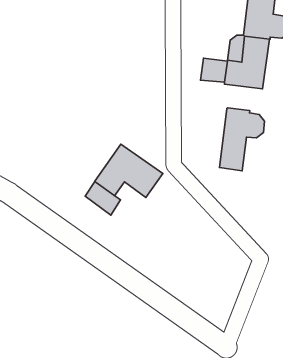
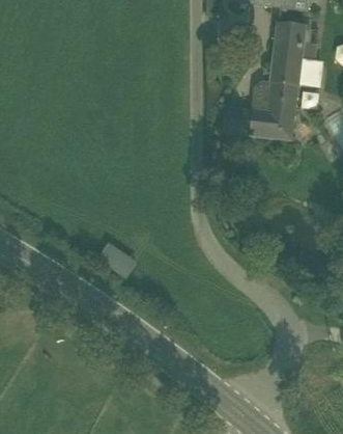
building: [219,108,265,171] -> none
building: [95,144,163,197] -> none

